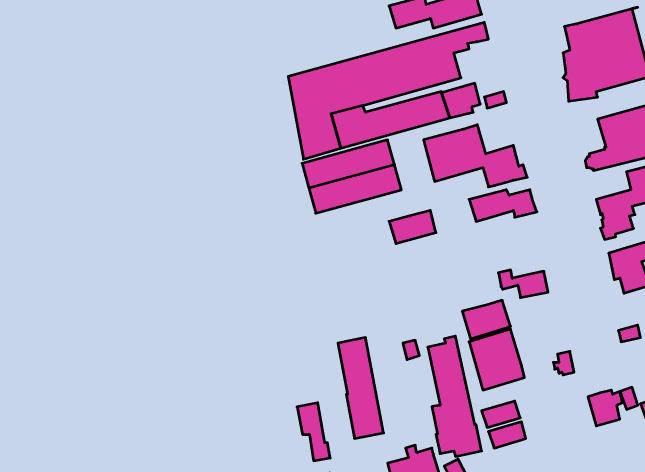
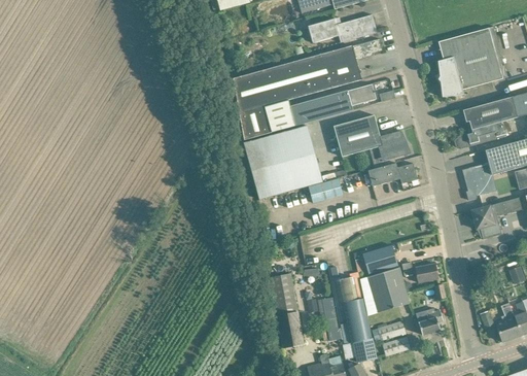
building: none -> [253,163,322,199]
building: [498,270,548,298] -> [401,262,438,282]
building: [588,390,622,426] -> [416,308,442,335]
building: [297,403,330,461] -> [317,297,342,340]

